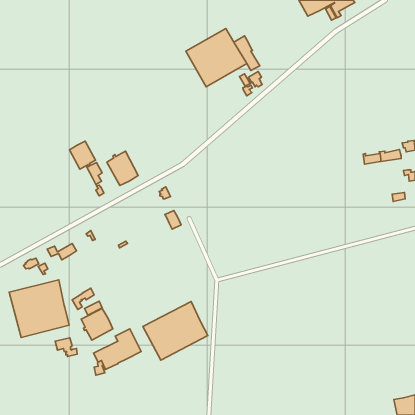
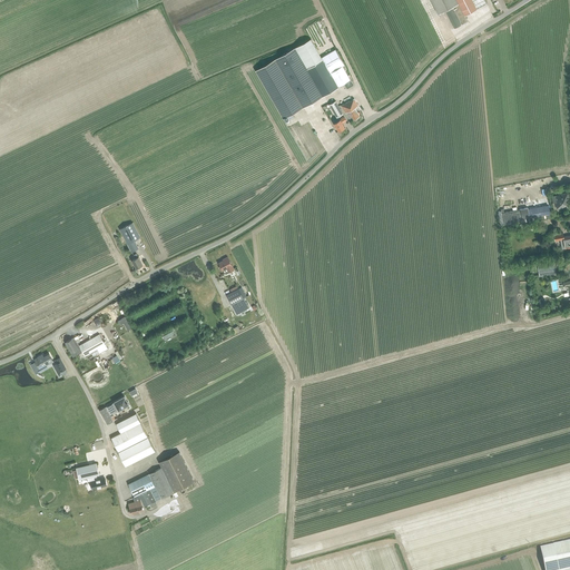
building: [70,141,96,169] -> none
building: [107,151,138,186] -> none
building: [9,280,69,337] -> none
building: [143,301,208,360] -> none

